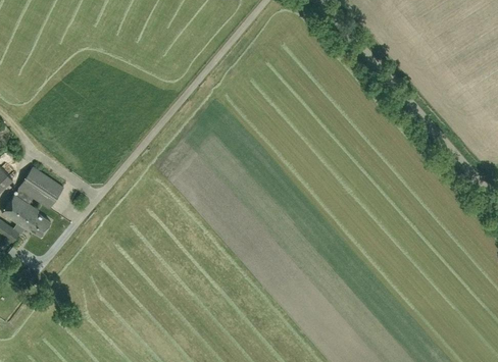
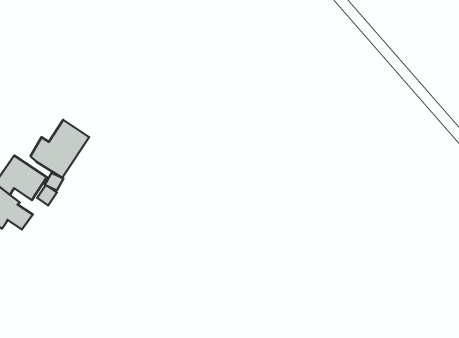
building: none -> [30,120,89,178]

